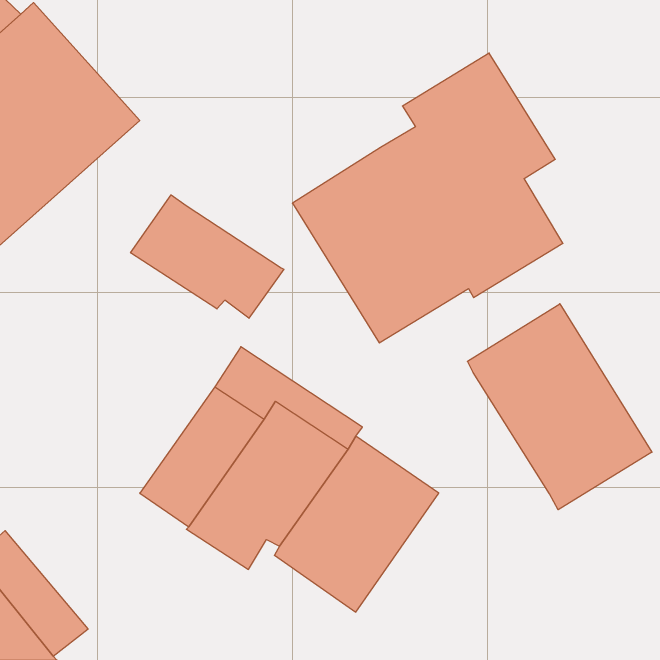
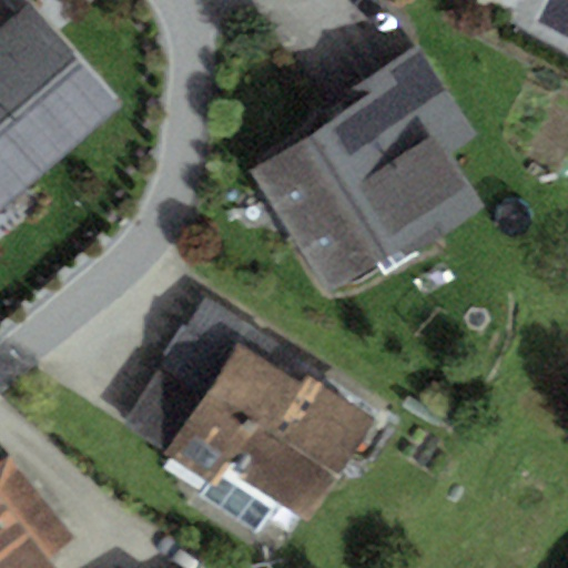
building: [131,195,284,318] -> none
building: [467,304,652,510] -> none

